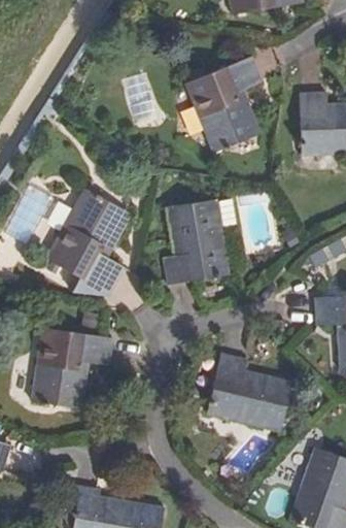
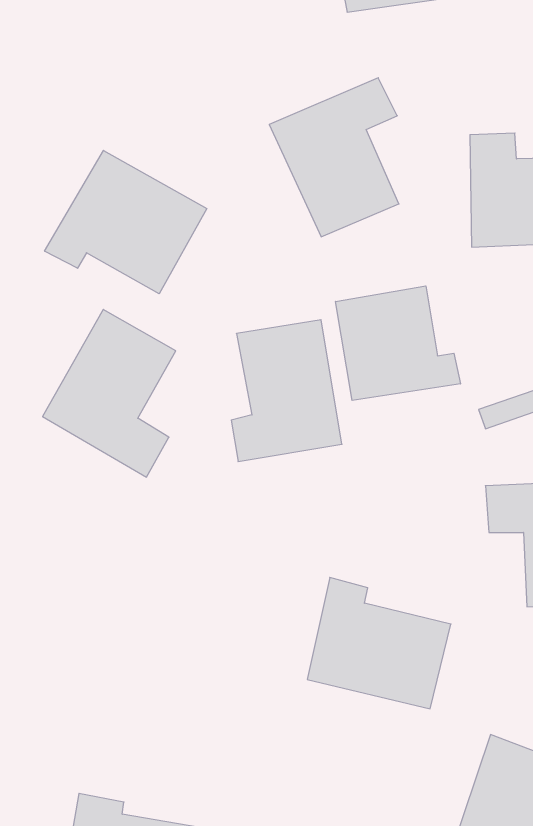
building: none -> [45,150,207,294]
building: none -> [336,286,460,400]
building: [31,329,112,409] -> none

